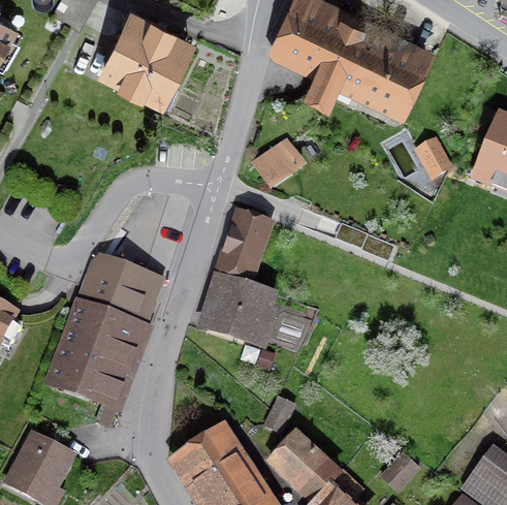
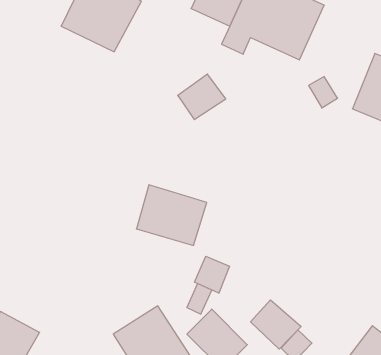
building: [214,209,275,286] -> none
building: [43,254,168,418] -> none
building: none -> [194,256,229,293]
building: none -> [251,300,301,349]

